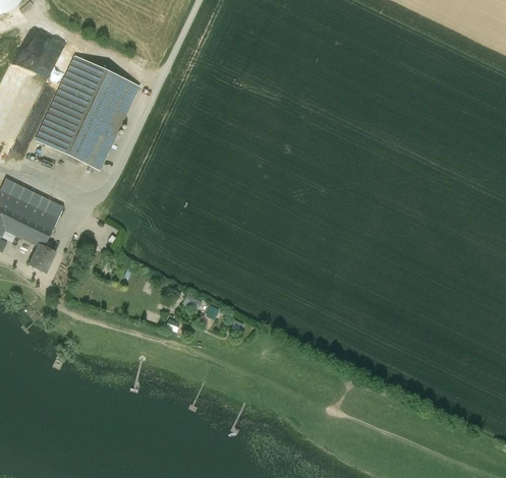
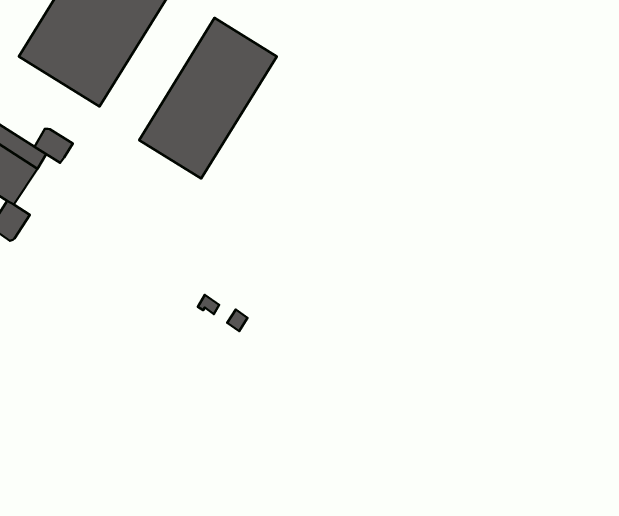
building: none -> [139,18,277,178]
building: none -> [35,129,73,163]

